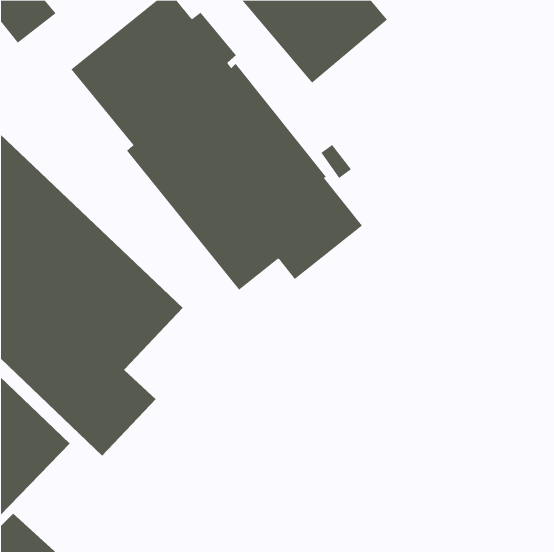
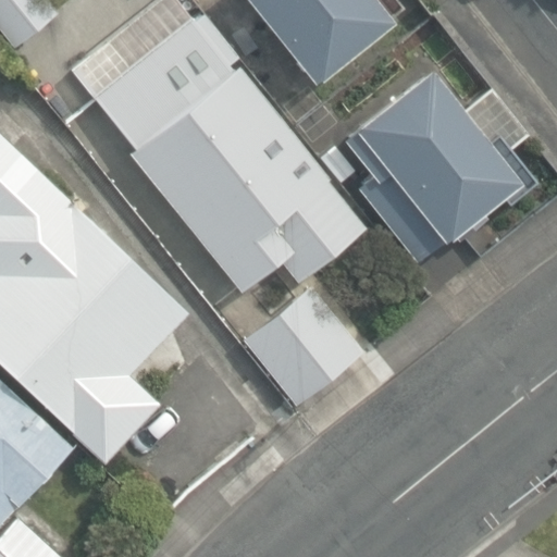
building: none -> [339,70,531,264]
building: none -> [243,286,363,406]

